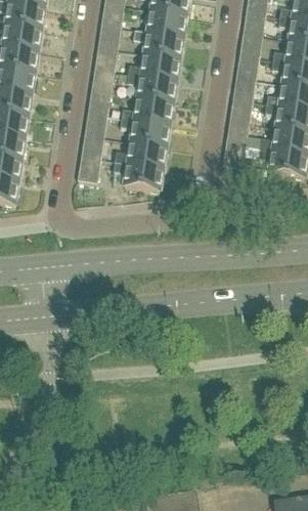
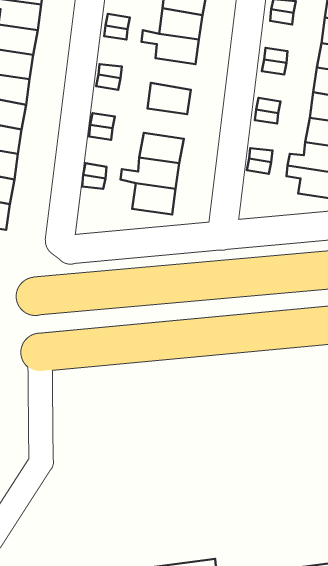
building: [139,54,178,82] -> none
building: [133,98,171,125] -> none

